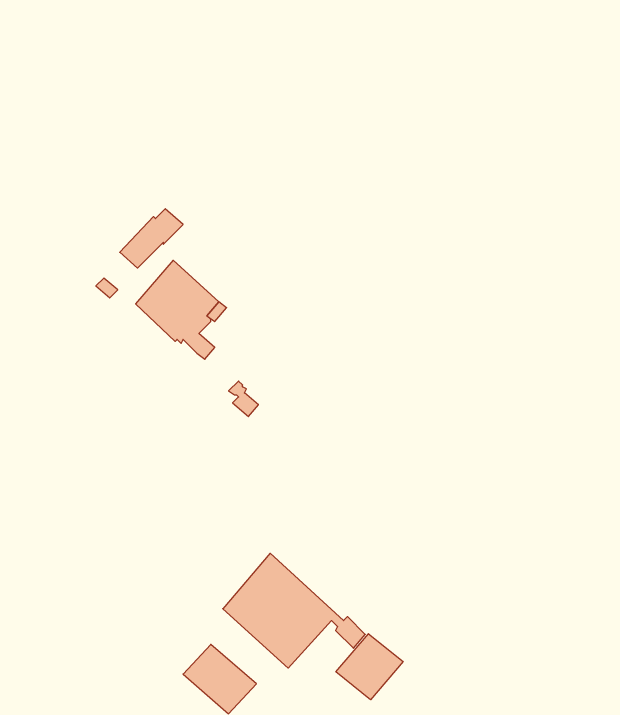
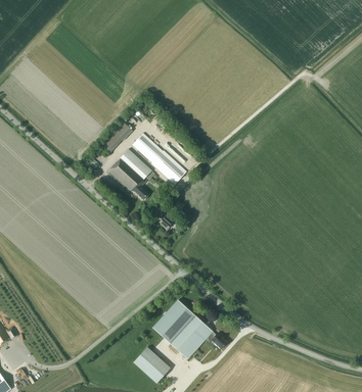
building: none -> [132,133,186,184]
building: [336,634,403,700] -> none

